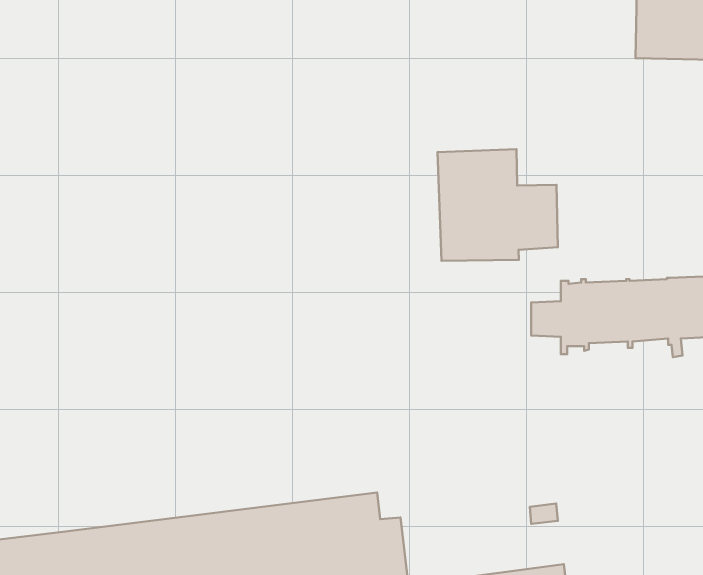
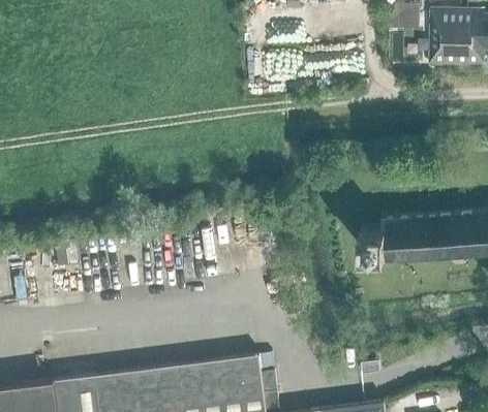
building: [438,149,558,261] -> none

